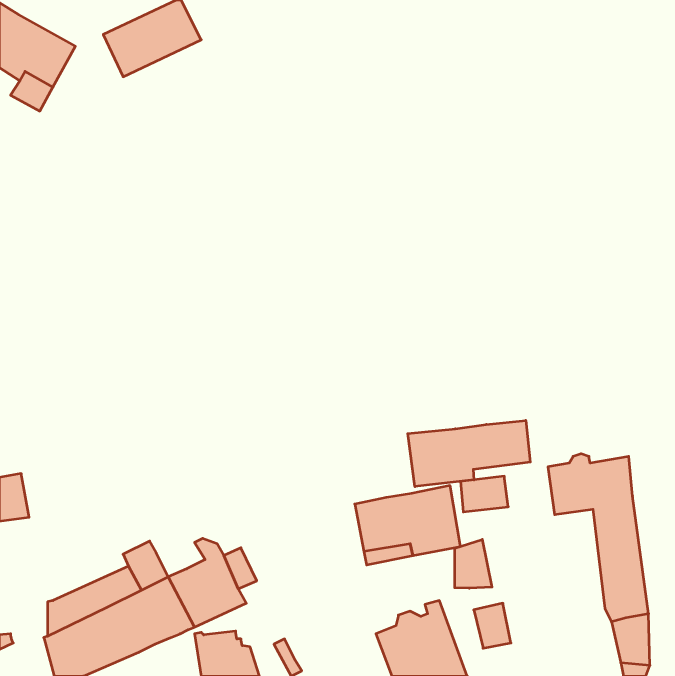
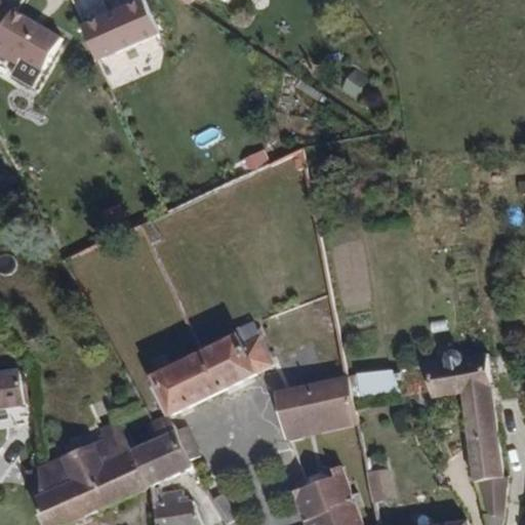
building: none -> [149,321,273,412]
building: [408,420,530,487] -> none
building: [455,539,492,588] -> none

